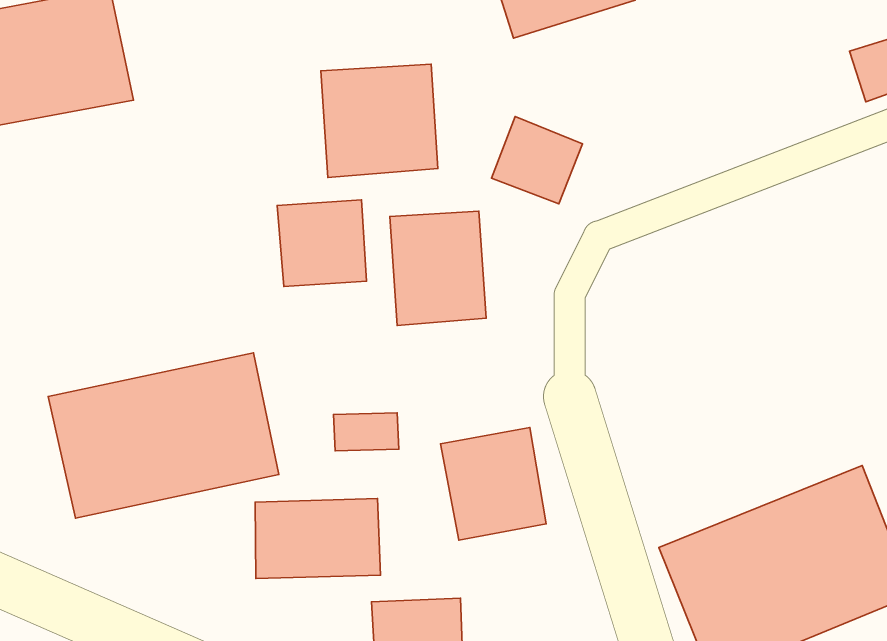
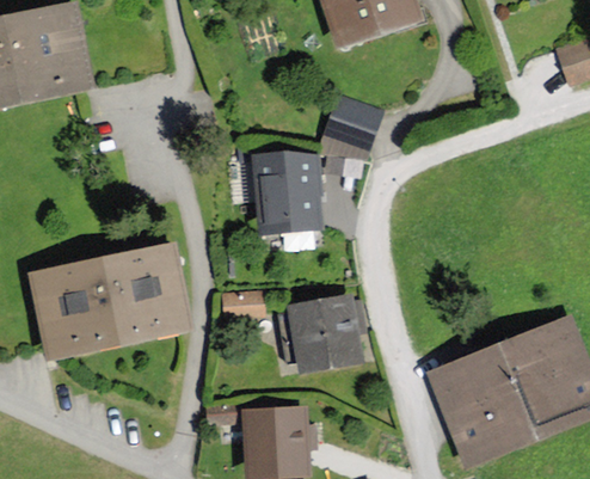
building: [321,64,438,177] -> none
building: [277,200,366,286] -> none
building: [255,499,380,579] -> none

